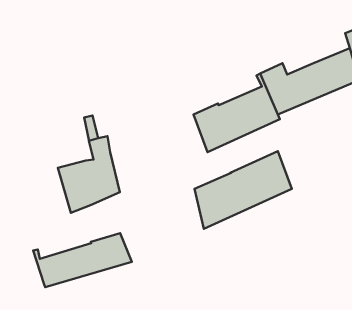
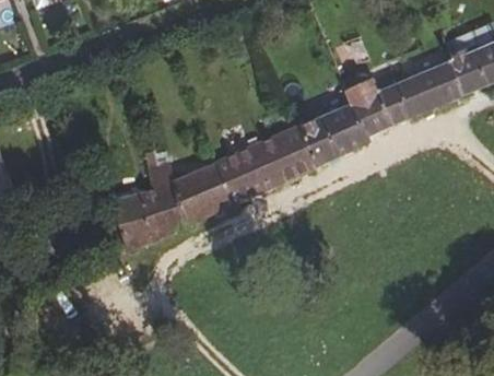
building: [195,151,292,229] -> [172,137,285,227]
building: [33,233,132,287] -> none

